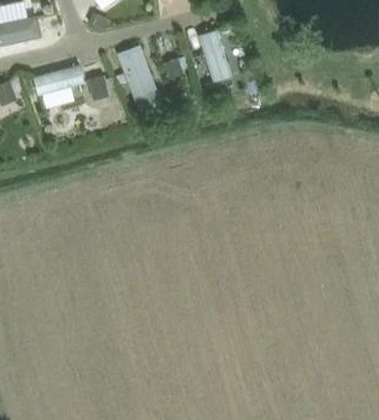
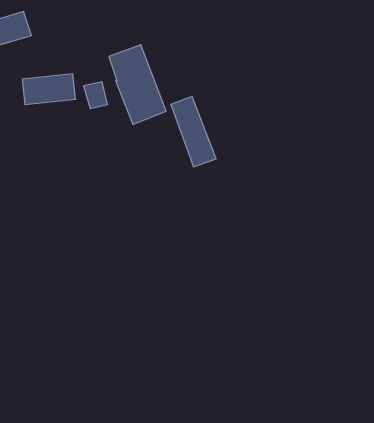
building: [196,28,237,91] -> [171,96,216,167]

